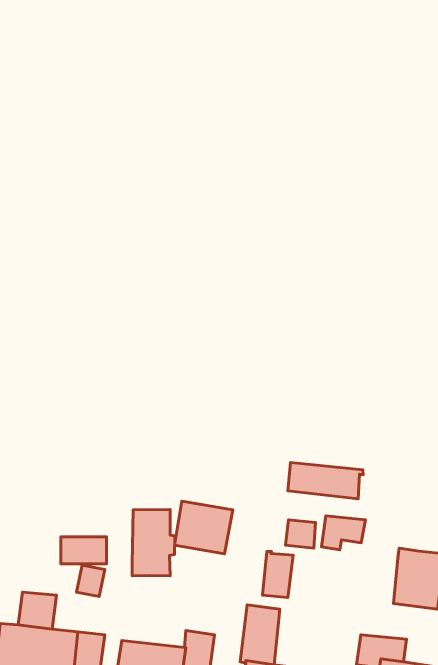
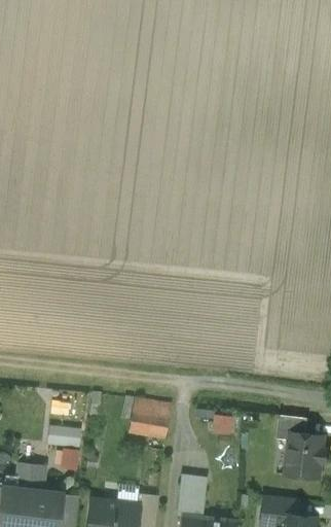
building: [288,462,363,499] -> none
building: [132,510,175,576] -> none
building: [322,516,366,550] -> [277,417,308,442]
building: [263,551,293,598] -> none

